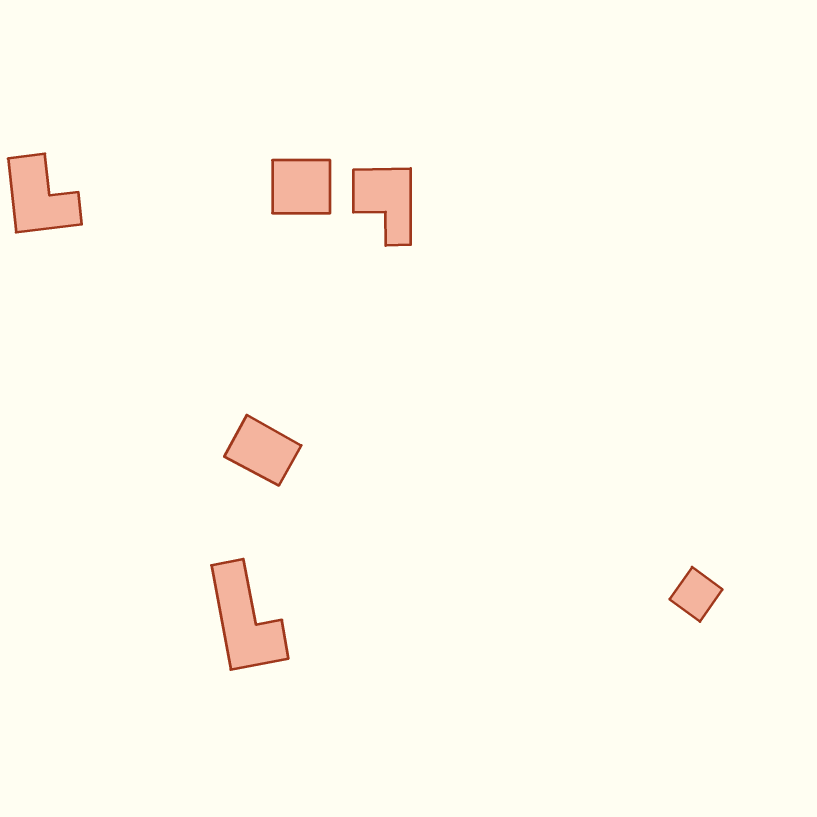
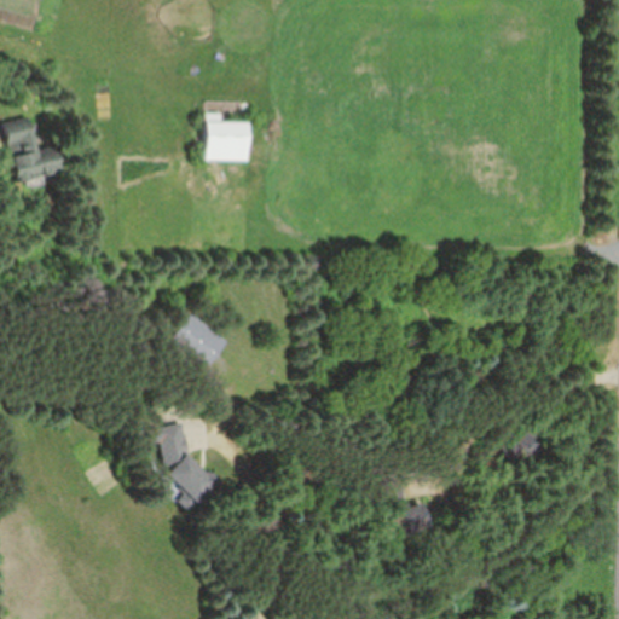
building: [353,168,411,246] -> none
building: none -> [393,505,432,536]

